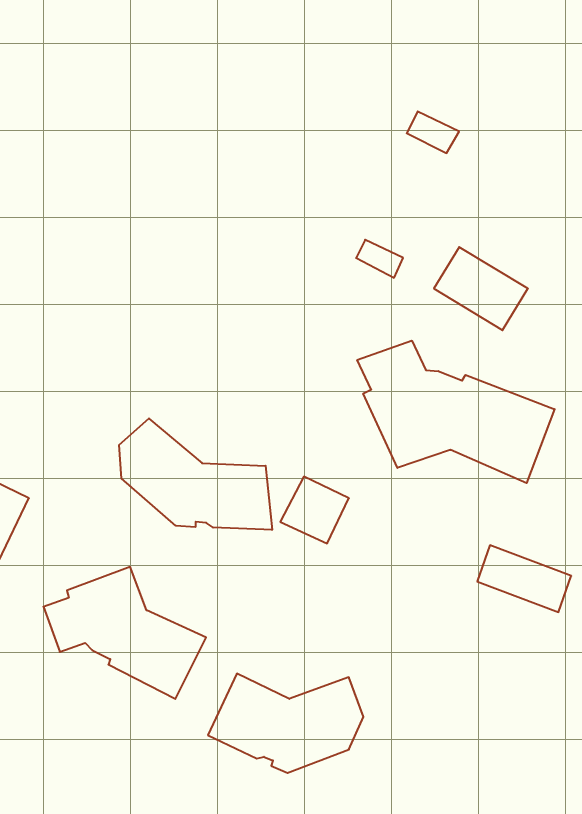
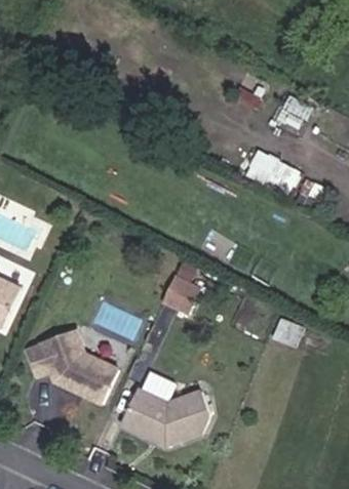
building: [357,341,555,483] -> none
building: [119,418,272,530] -> none

